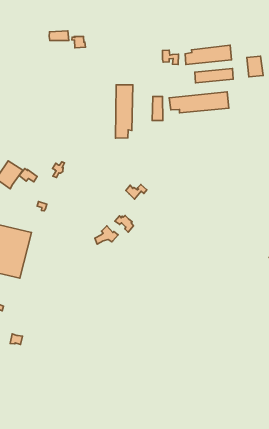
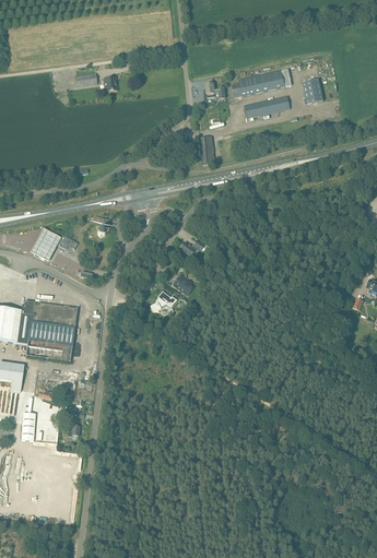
building: [115,85,133,138] -> none
building: [169,92,229,113] -> none

